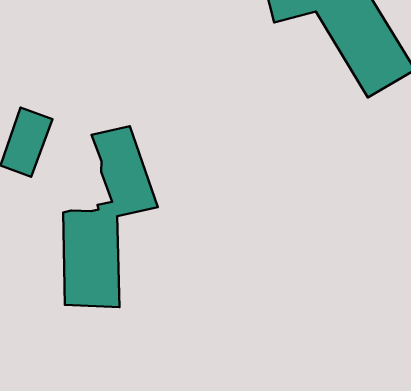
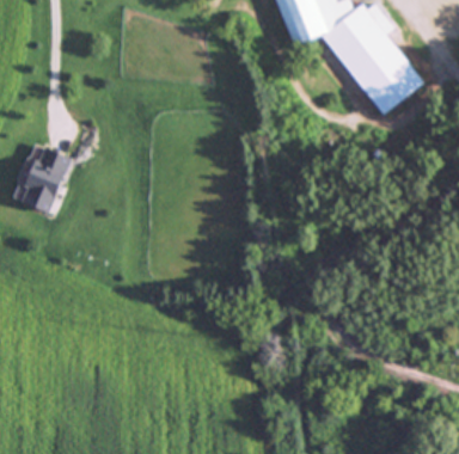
building: [63,126,158,307] -> none

